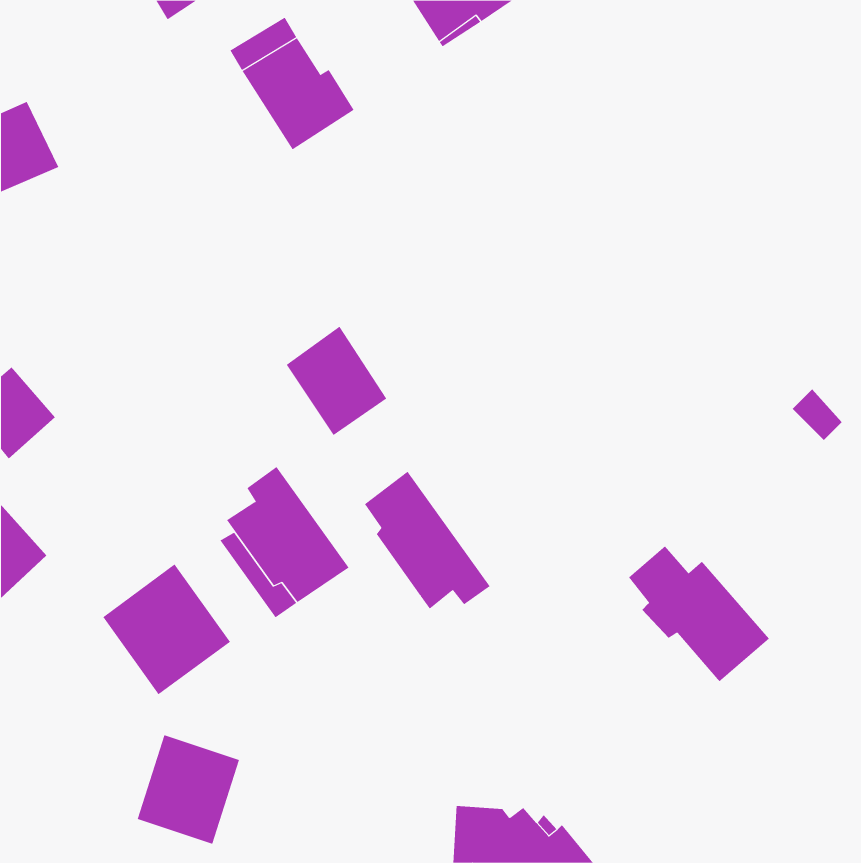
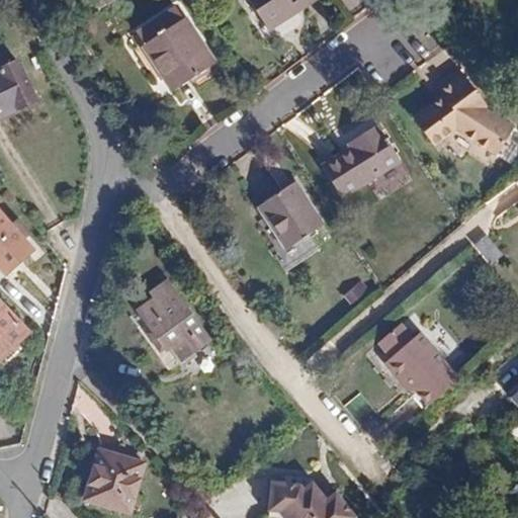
building: none -> [411,69,513,156]
building: none -> [322,123,398,195]
building: [286,326,387,436] -> [259,180,320,246]
building: [364,471,490,610] -> none
building: [102,564,231,695] -> none

